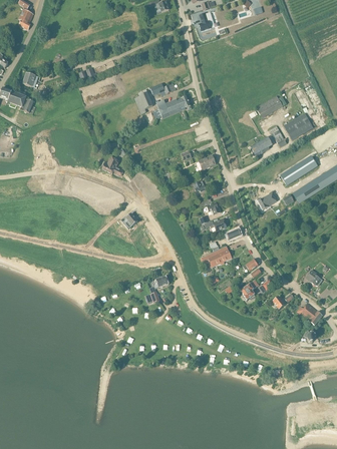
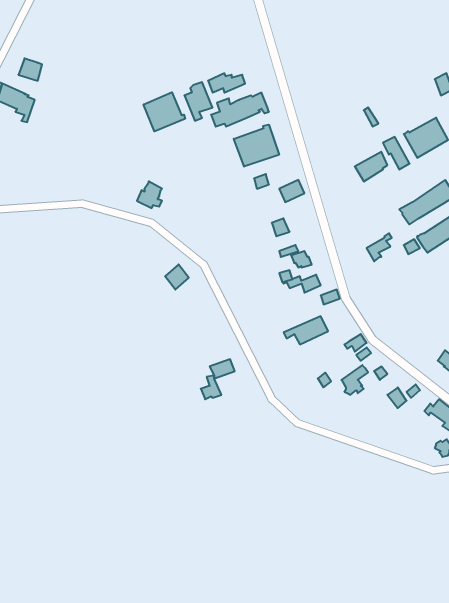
building: none -> [144,92,185,131]
building: none -> [234,125,279,167]

